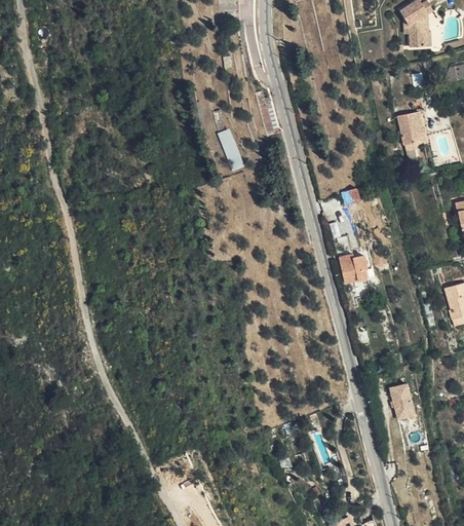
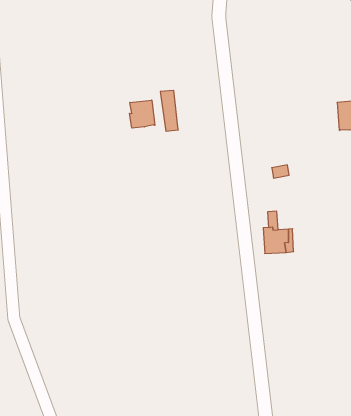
building: none -> [130,100,155,128]
building: [390,385,416,424] -> none

